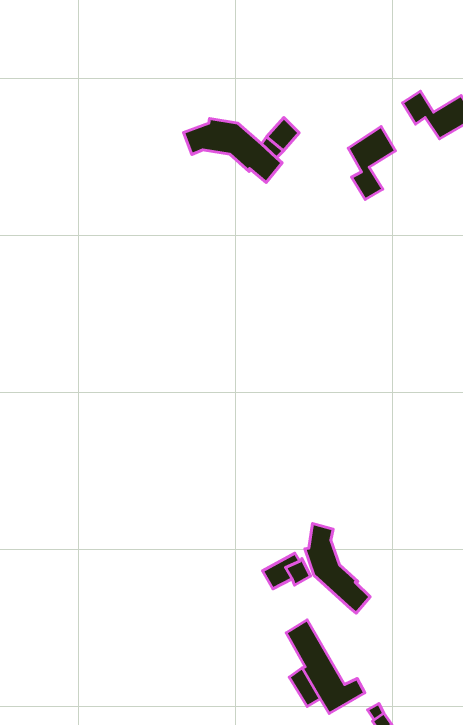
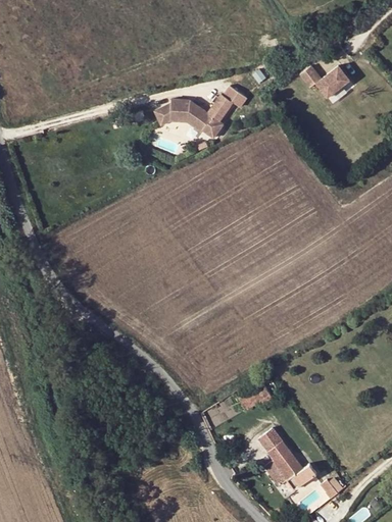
building: [348,127,396,199] -> none
building: [305,523,370,613] -> none

